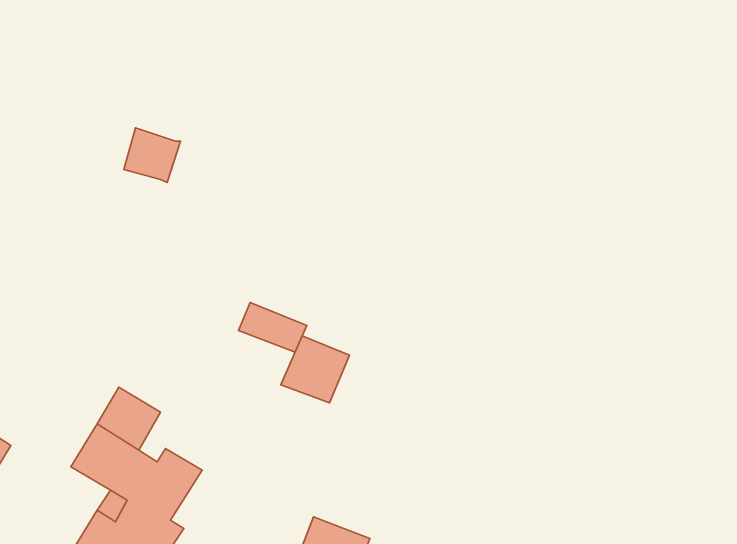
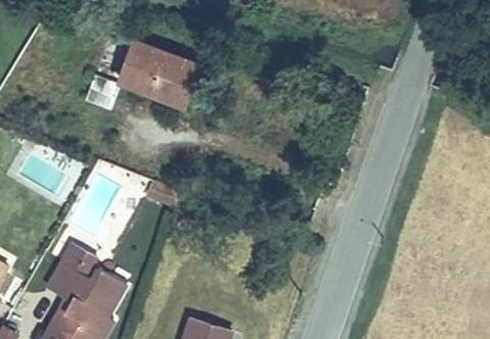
building: none -> [114,41,196,104]
building: [281,336,349,403] -> none

